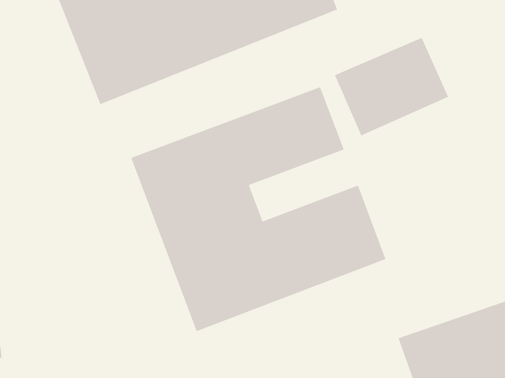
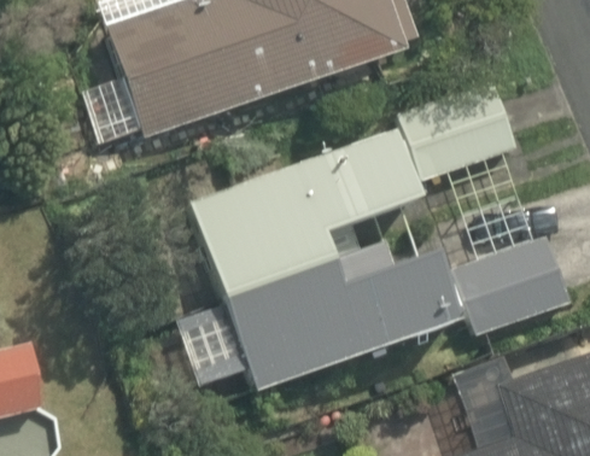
building: none -> [445,210,573,340]

